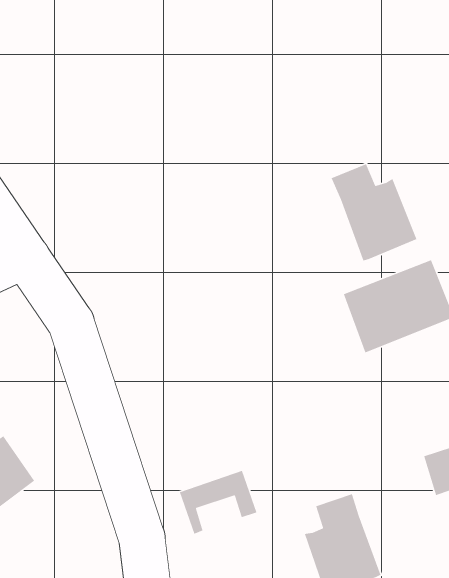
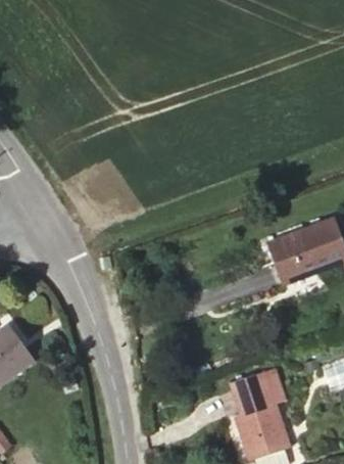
building: [331,163,417,261] -> none
building: [179,470,258,535] -> [229,365,287,413]

